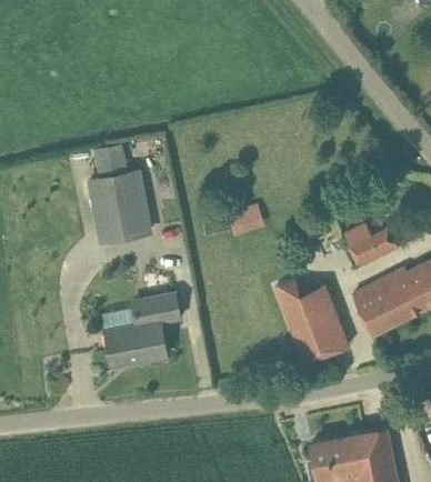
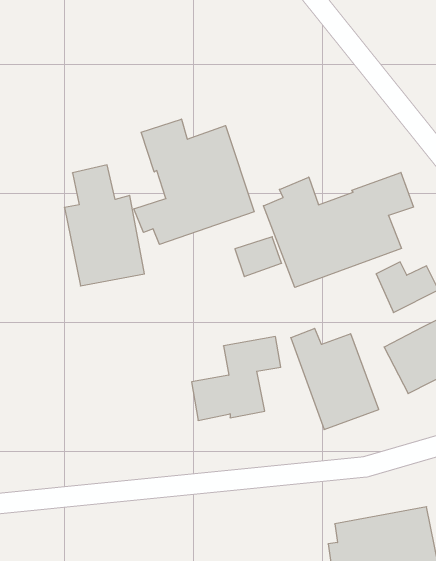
building: none -> [134,119,254,244]
building: none -> [263,172,413,287]
building: [106,293,180,363] -> [192,337,281,420]

